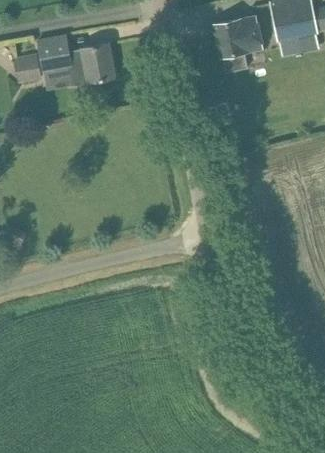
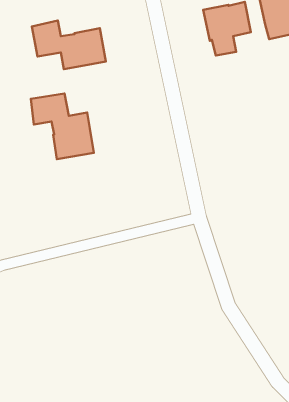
building: [15,57,41,83] -> none
building: none -> [31,93,94,159]

